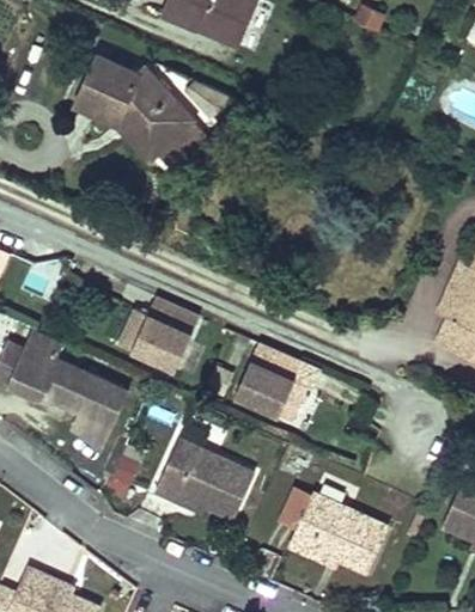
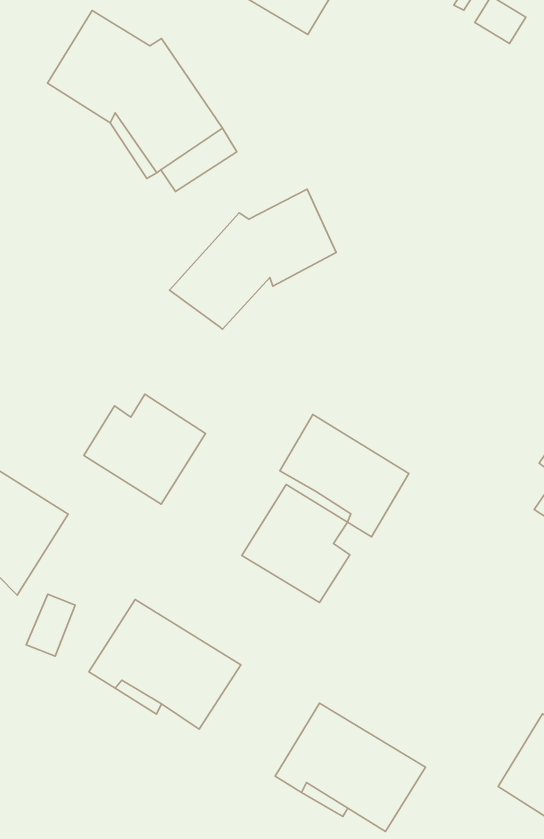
building: none -> [170,189,336,329]
building: none -> [280,414,409,537]

